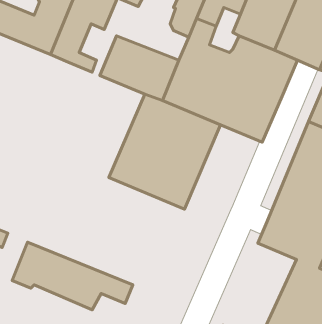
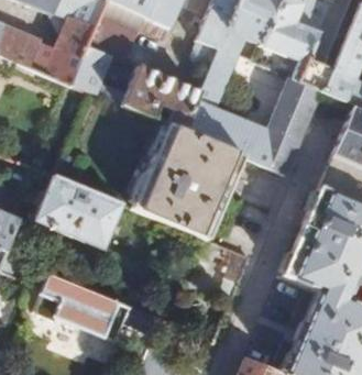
building: none -> [36,175,123,249]

